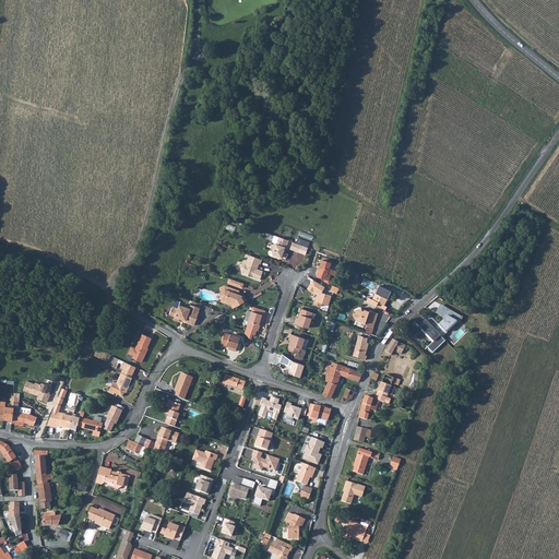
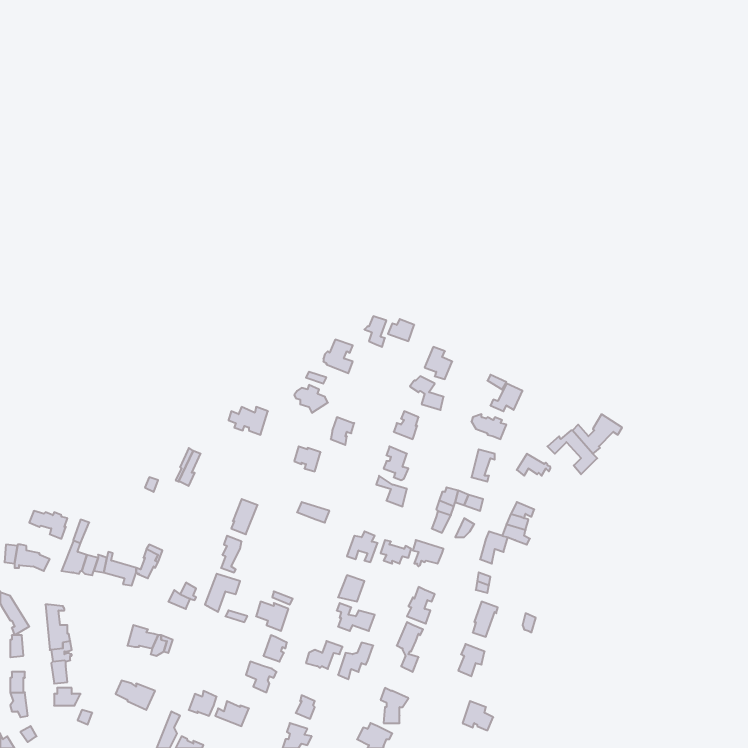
building: [108,361,134,396] -> none

